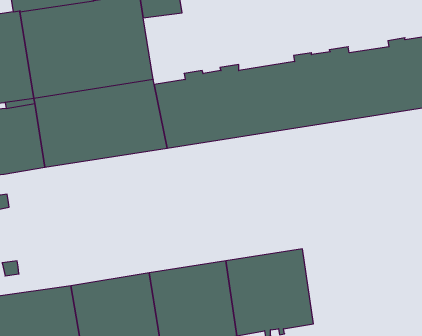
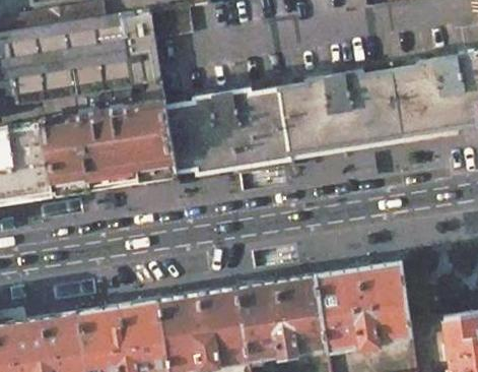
building: none -> [312,261,409,356]

